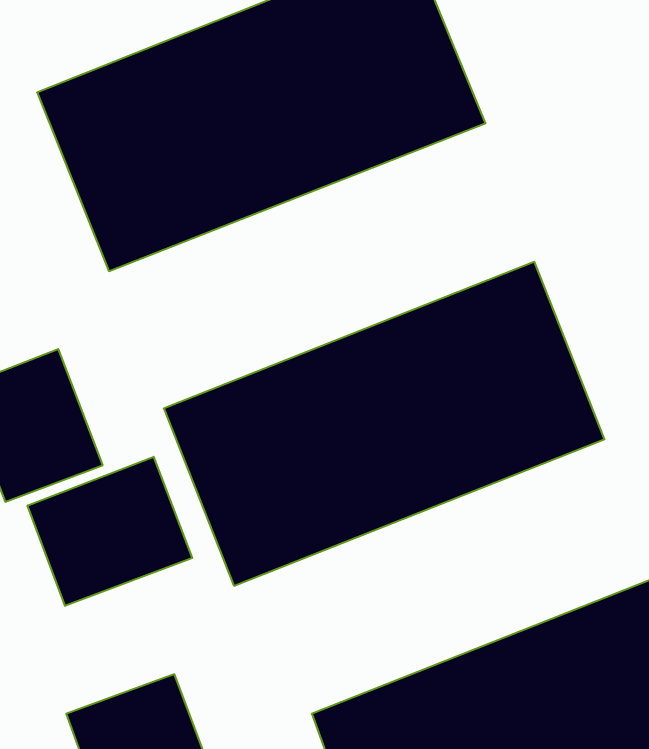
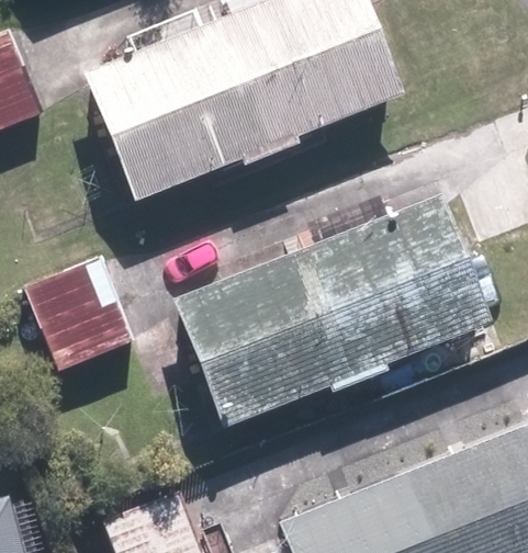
building: [28,457,192,606] -> none

